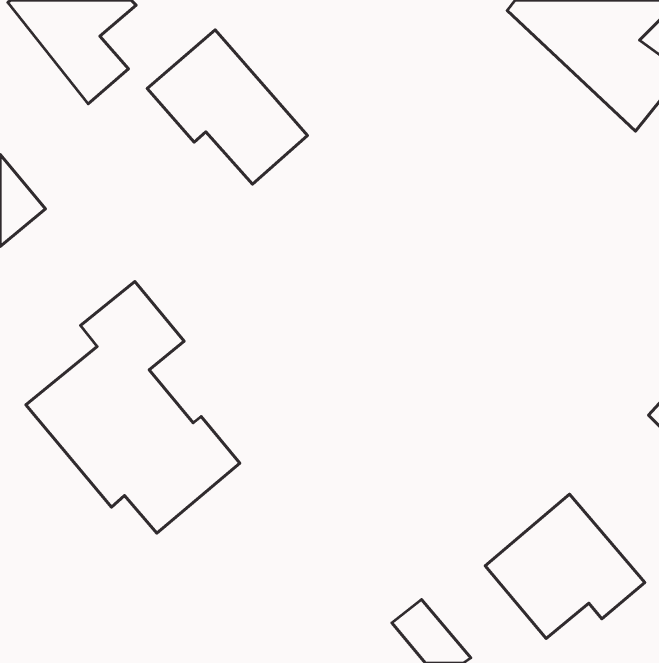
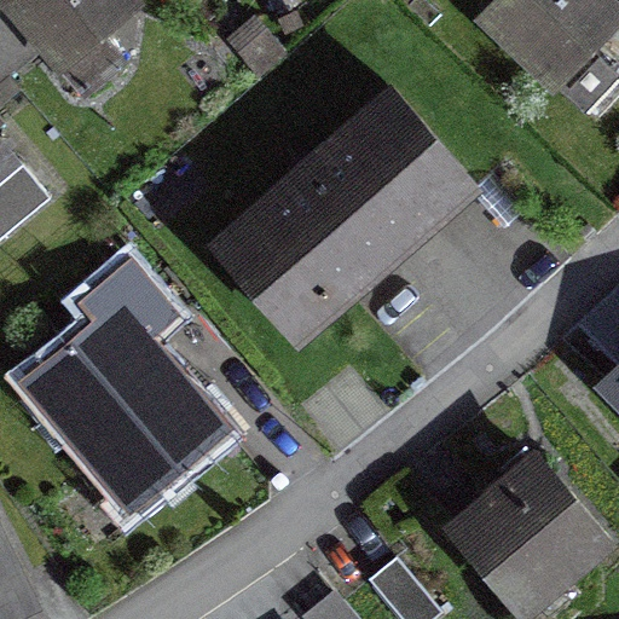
building: [147,30,307,184] -> none
building: none -> [213,88,467,331]

